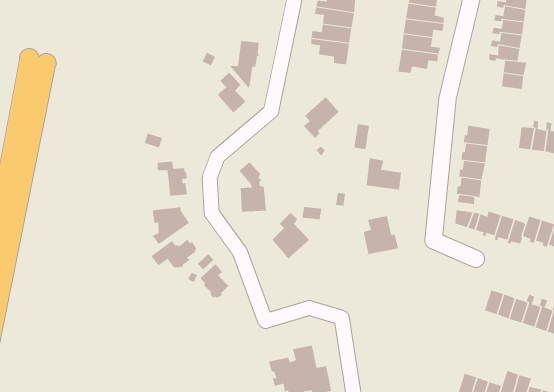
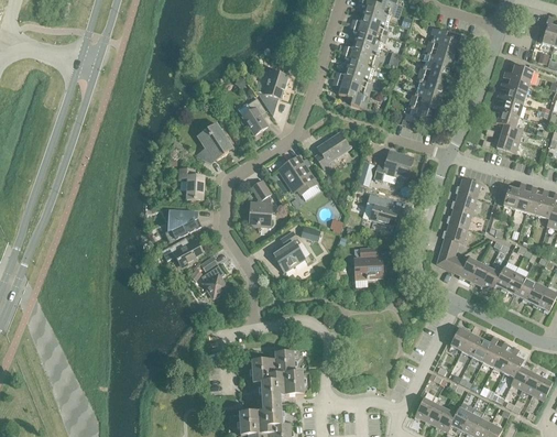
building: none -> [195,121,233,162]
building: none -> [373,149,413,178]
building: none -> [277,156,317,192]

